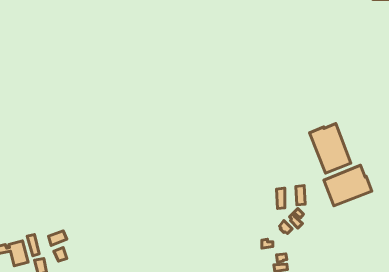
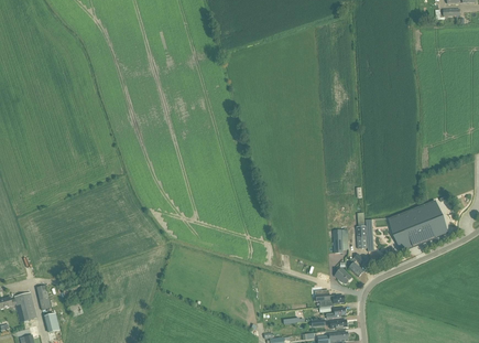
building: [310,124,351,173] -> none

